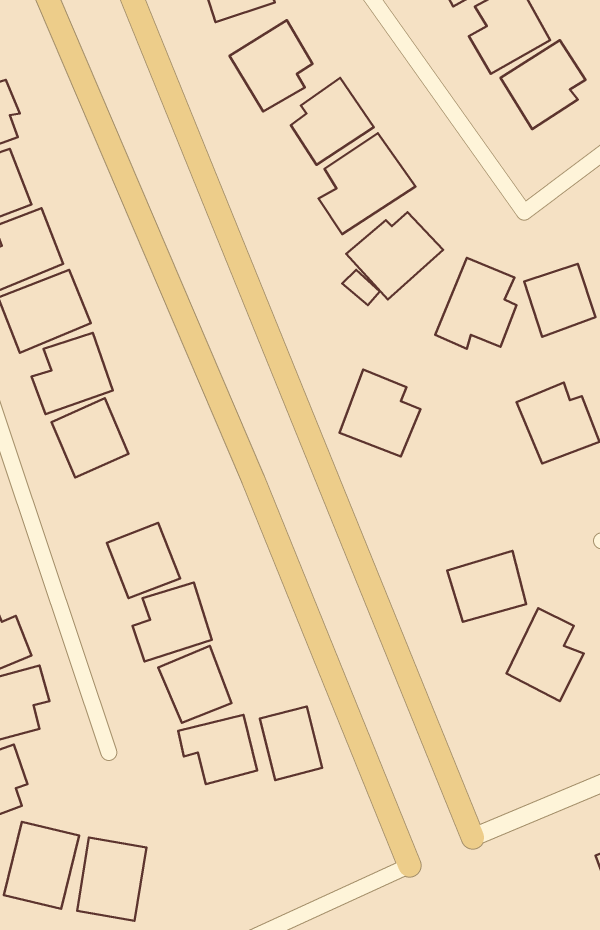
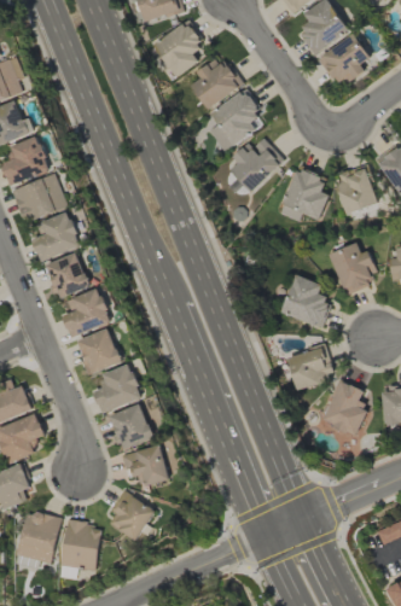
building: [339,369,420,457] -> [280,274,330,327]
building: none -> [62,287,112,339]
building: [260,706,322,780] -> none
building: none -> [107,490,155,542]

